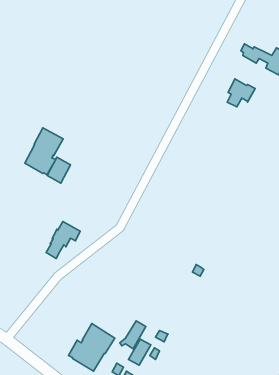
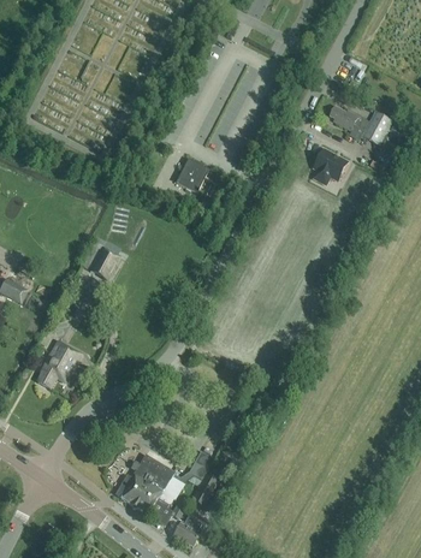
building: none -> [176,158,209,192]
building: [25,128,63,175] -> none
building: [46,222,80,258] -> [37,342,79,387]

